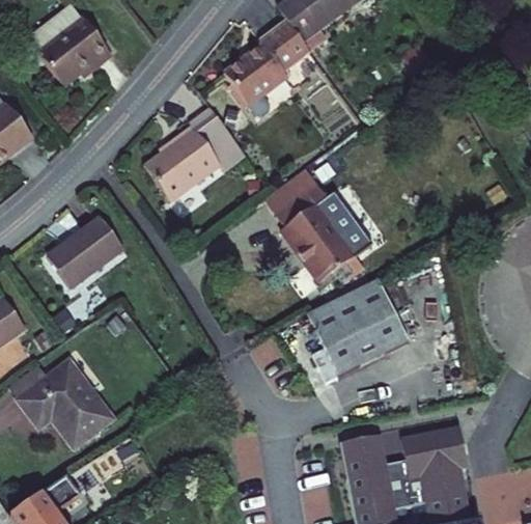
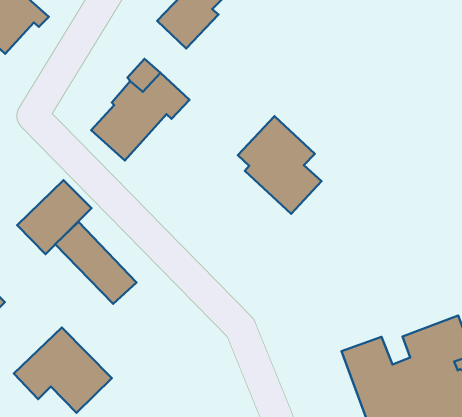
building: [262,170,319,221] -> none
building: none -> [55,222,136,304]
building: [306,284,406,379] -> none

